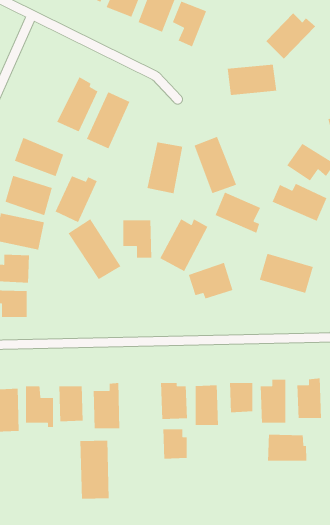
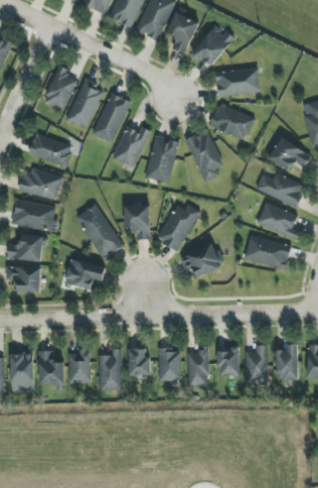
building: [266,12,316,59] -> [191,26,235,68]
building: none -> [42,66,76,111]
building: none -> [209,103,255,141]
building: [54,175,98,223] -> [112,125,150,167]
building: [214,191,261,234] -> [257,202,298,239]
building: none -> [63,258,106,289]
building: [162,429,188,459] -> [128,349,150,376]
building: [267,434,307,461] -> none
building: [80,440,109,499] -> none

